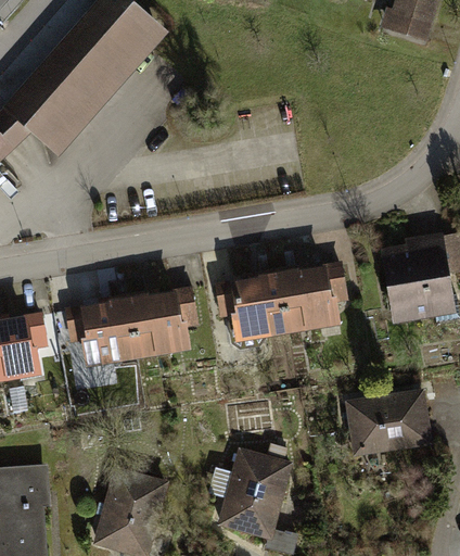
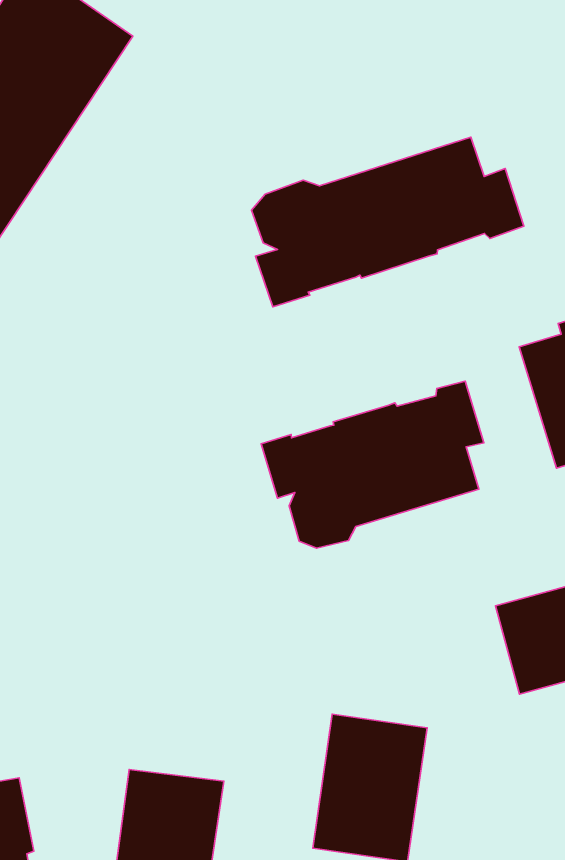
building: none -> [252,137,524,307]
building: [66,287,200,368] -> none

